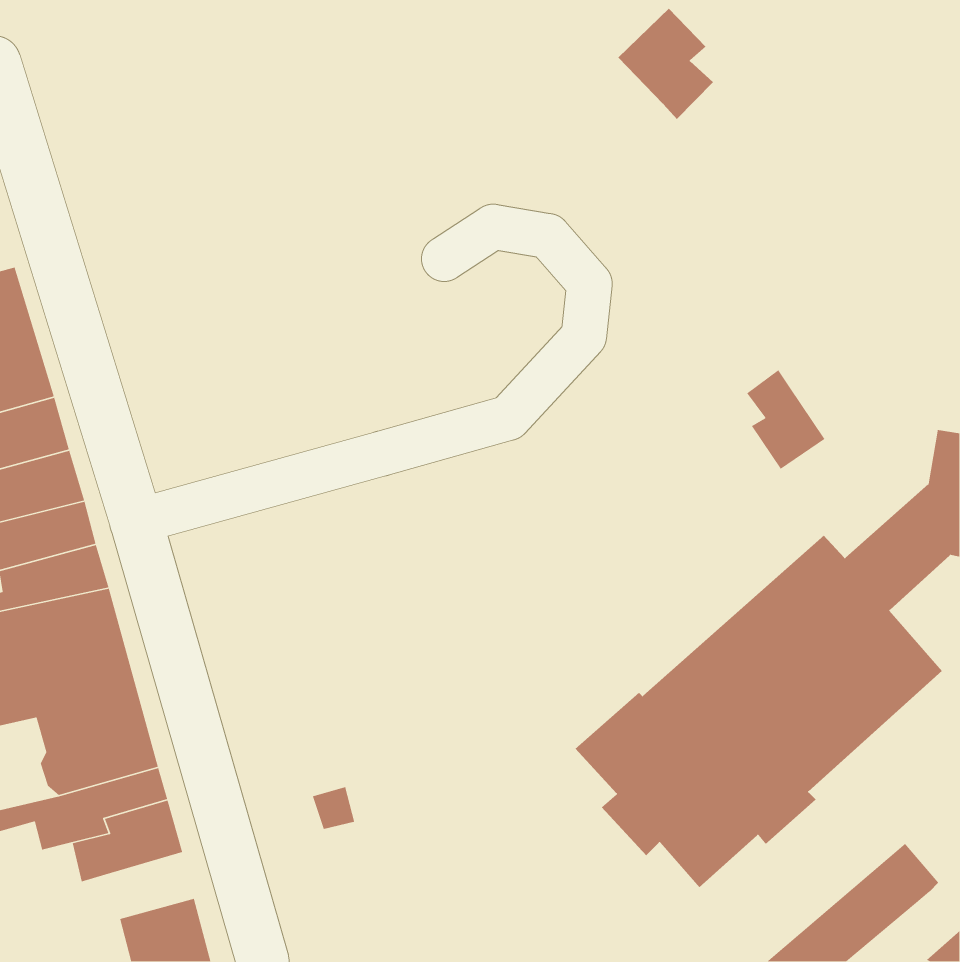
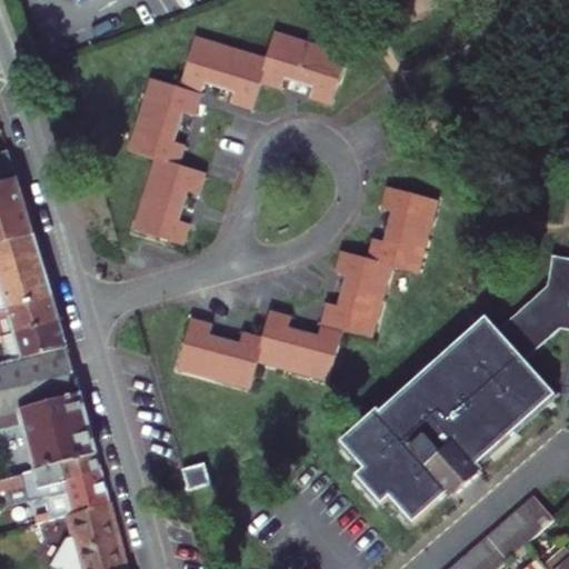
building: [617,8,714,120] -> none
building: none -> [126,30,346,243]
building: none -> [174,184,438,389]
building: [746,369,826,470] -> none
building: none -> [62,501,114,540]

